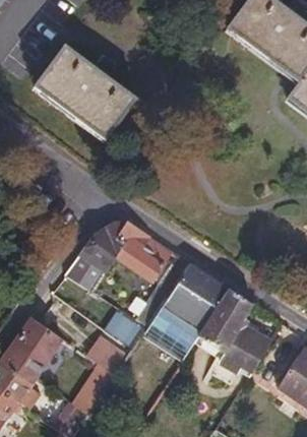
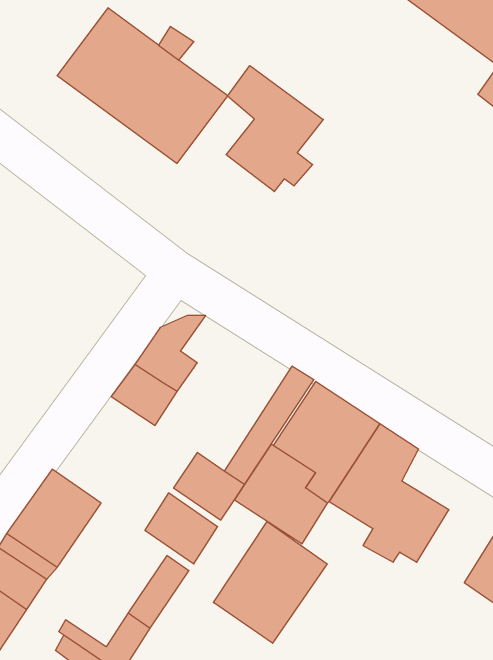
building: none -> [226,66,323,192]
building: [109,228,171,283] -> none
building: none -> [213,521,327,643]

